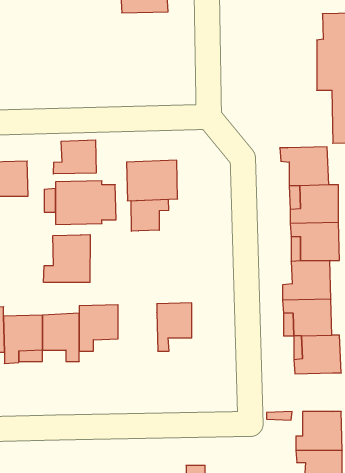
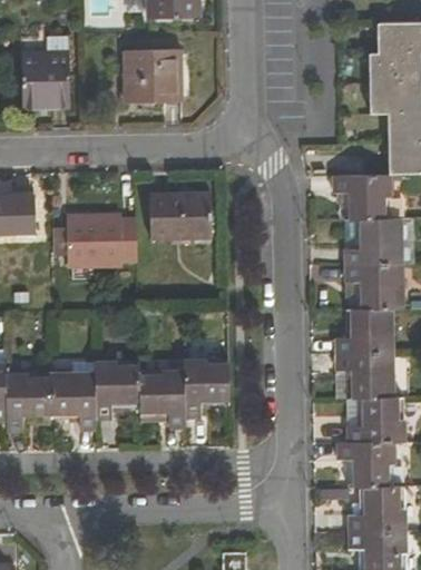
building: none -> [123,51,180,102]
building: none -> [21,52,66,110]
building: [53,140,96,174] -> none
building: [131,199,169,231] -> none
building: [44,235,90,282] -> none
building: none -> [140,371,187,426]
building: none -> [337,442,393,488]

